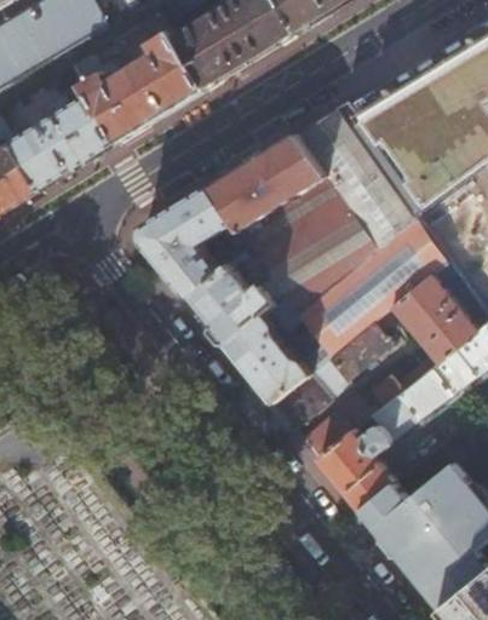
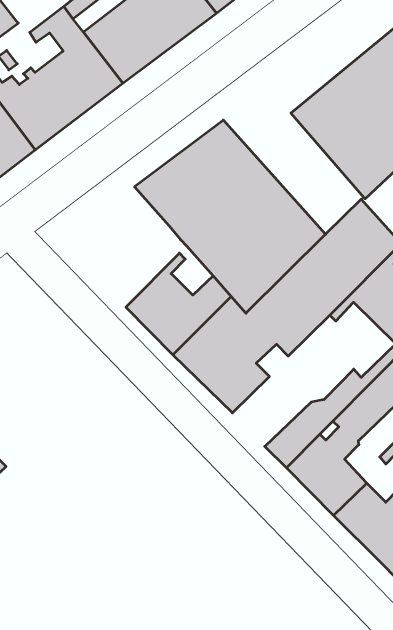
building: [292,105,414,247] -> none
building: [140,185,246,295] -> none
building: [272,326,387,426] -> none

